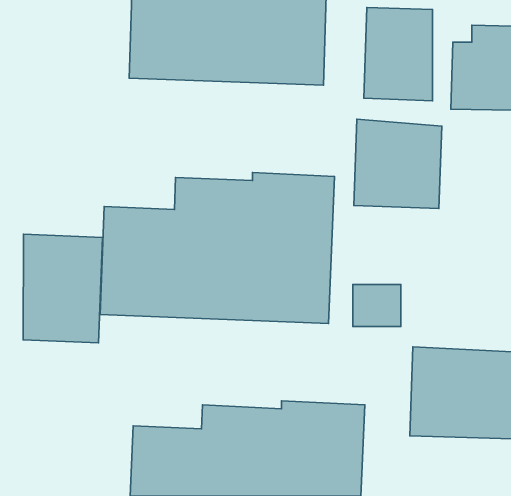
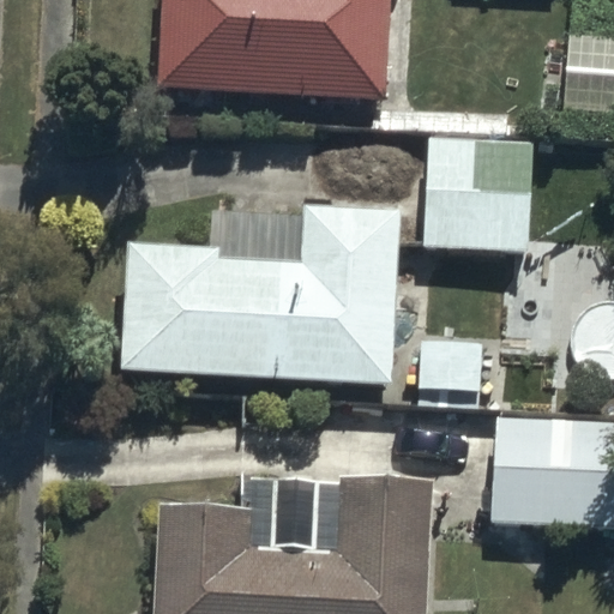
building: [364,7,432,101] -> none
building: [23,234,103,343] -> none

